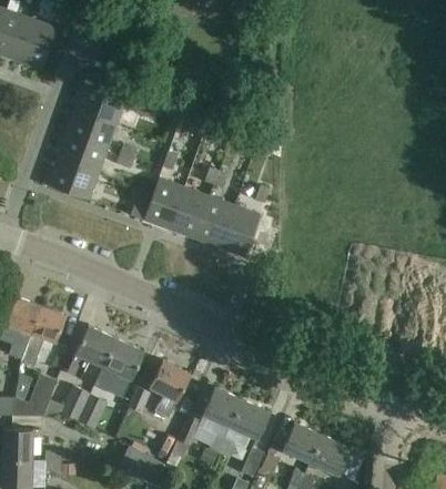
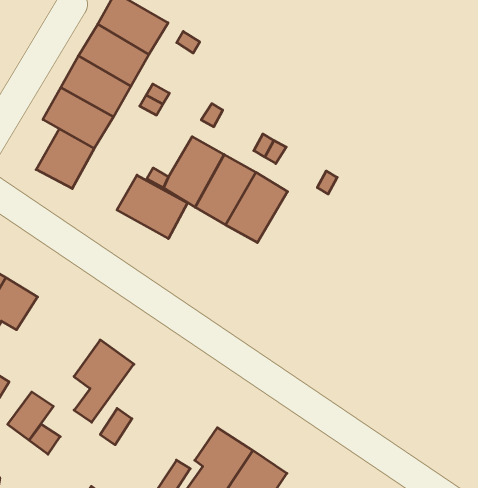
building: none -> [36,129,94,189]
building: [220,206,261,256] -> none
building: none -> [117,175,188,239]
building: [67,325,118,379] -> none
building: [144,359,191,425] -> none

